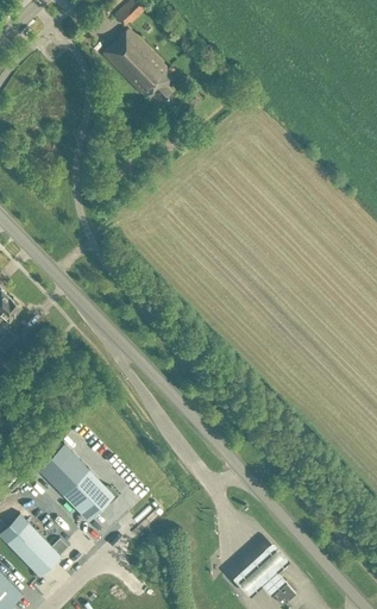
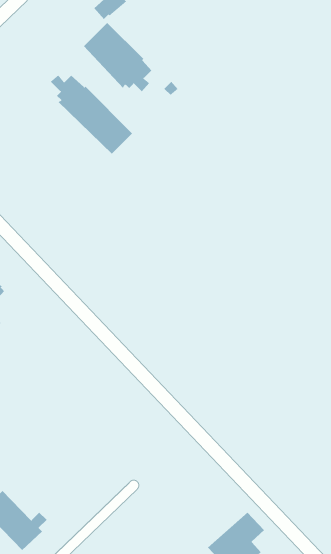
building: none -> [50,75,133,154]
building: [38,444,118,521] -> none

